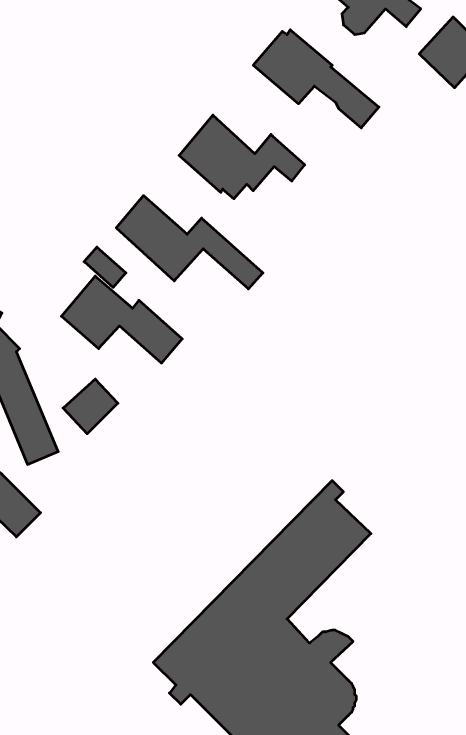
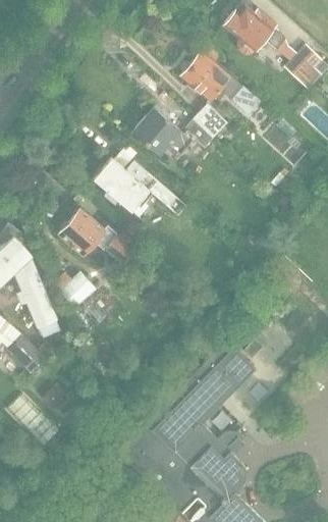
building: none -> [193,105,227,139]

